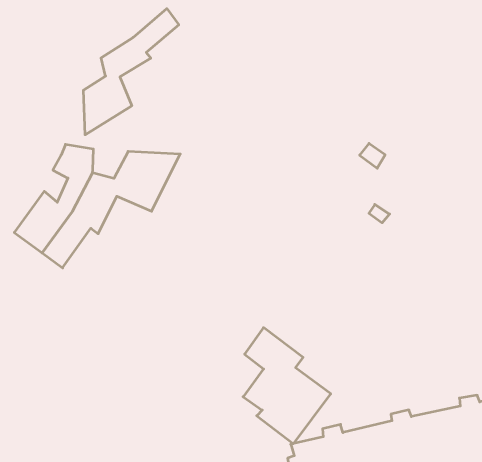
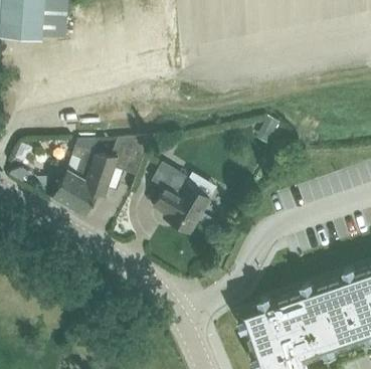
building: [83,9,179,135] -> none
building: [243,328,331,444] -> [153,162,210,233]

